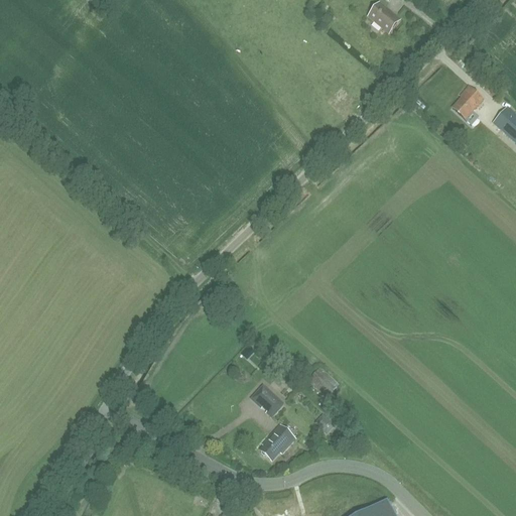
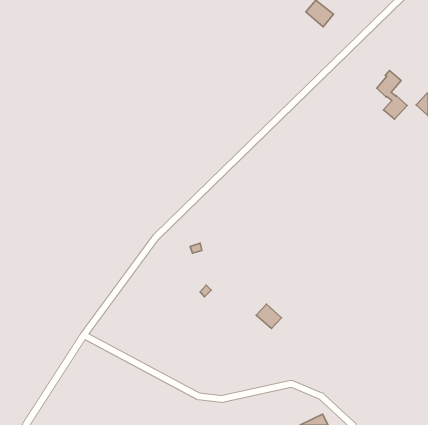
building: [252,384,283,415] -> none
building: [261,423,295,460] -> none

